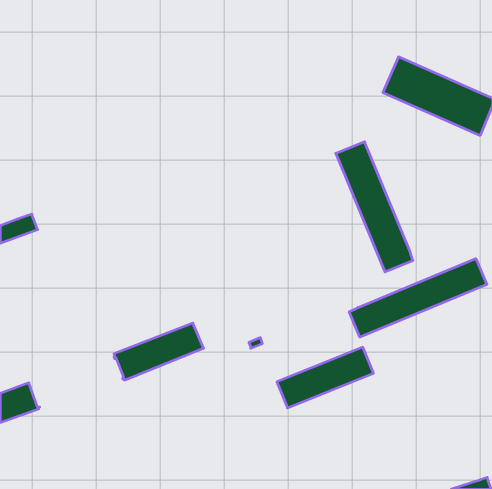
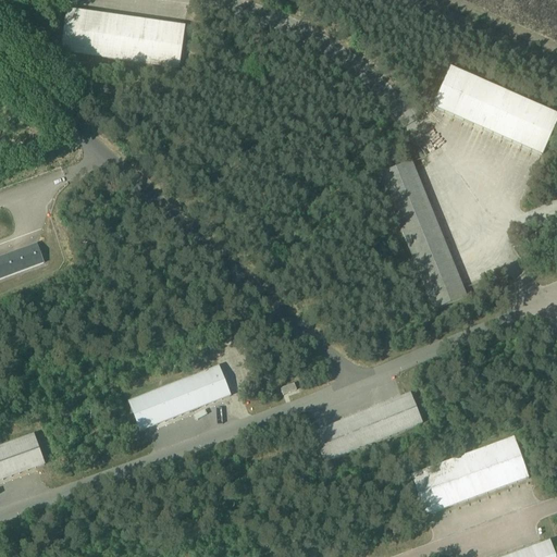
building: none -> [61,7,186,66]
building: [349,259,487,337] -> none
building: none -> [412,435,529,513]

